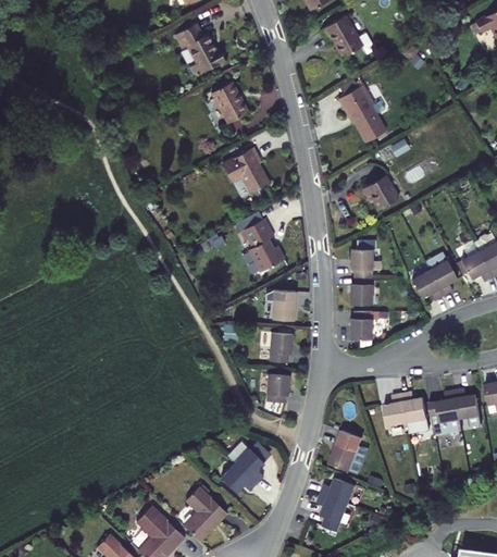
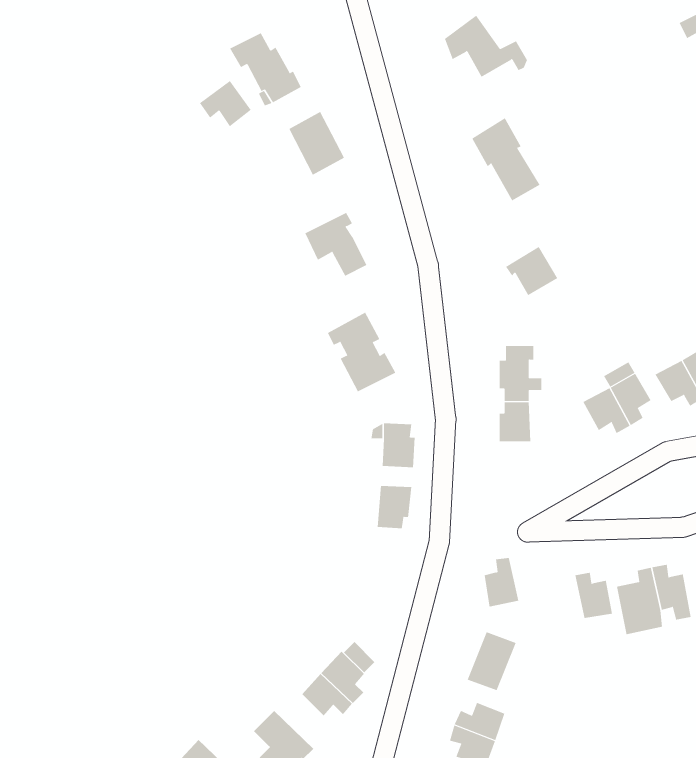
building: none -> [199,80,251,127]
building: [353,311,375,339] -> none
building: [268,375,290,405] -> none
building: [387,395,411,429] -> [484,557,519,607]

